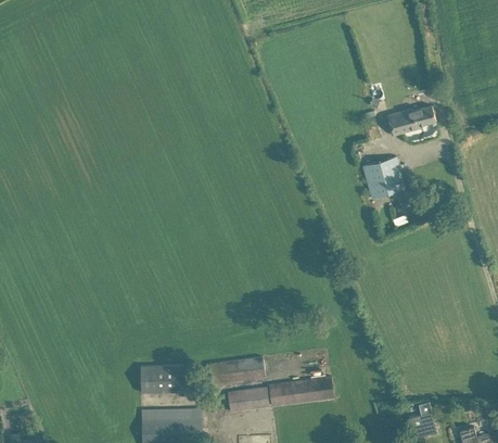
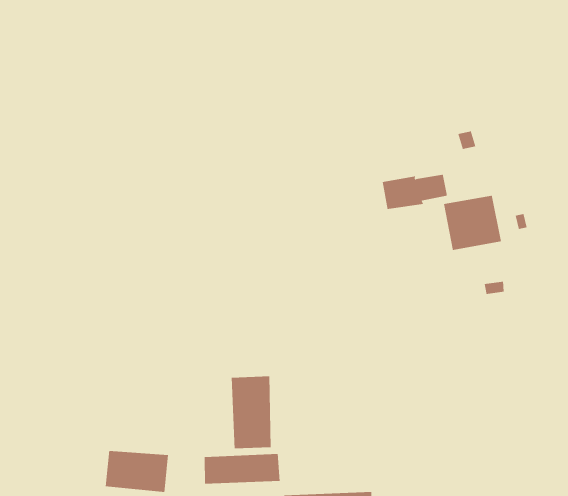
building: [387,105,435,135] -> [382,174,448,210]
building: none -> [231,376,271,449]

